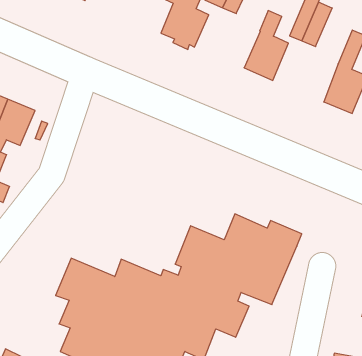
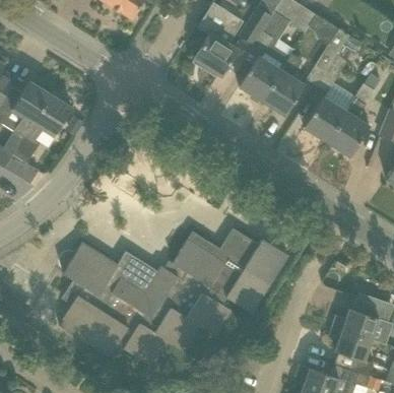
building: none -> [239,56,281,101]
building: none -> [304,96,345,142]

